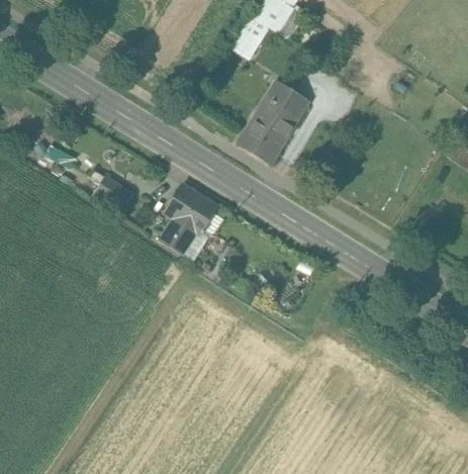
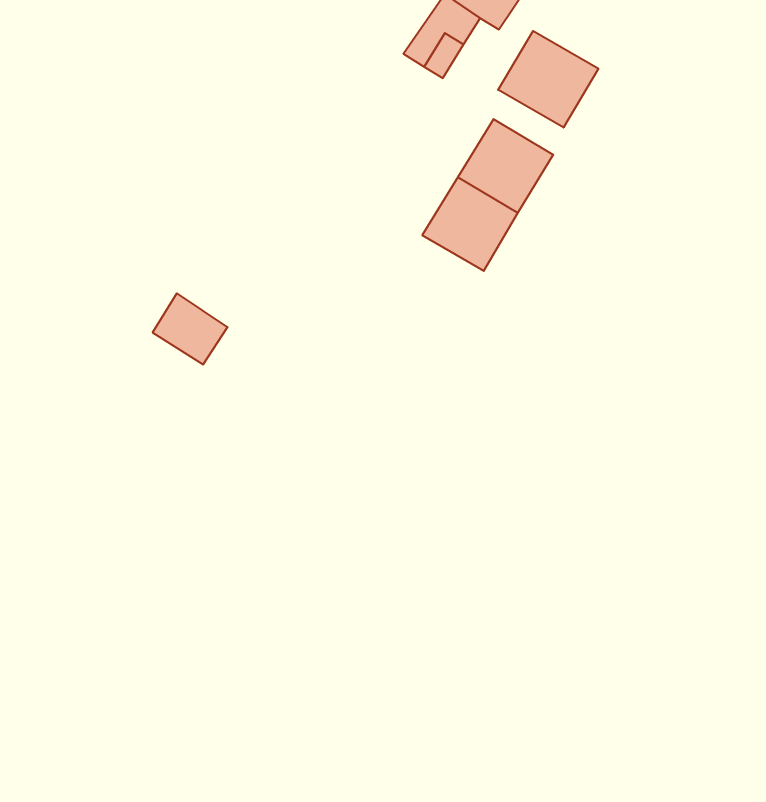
building: none -> [498,31,598,128]
building: [163,183,219,260] -> none

